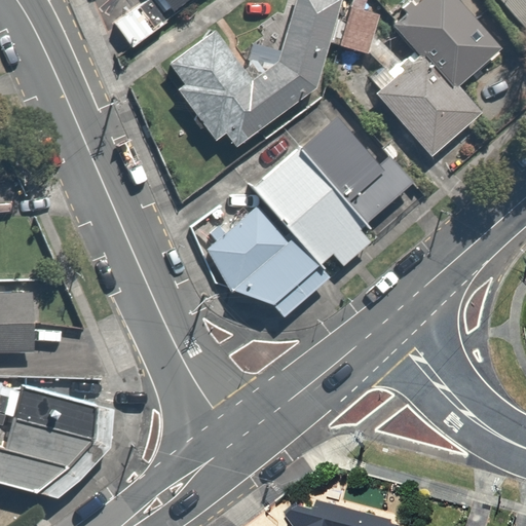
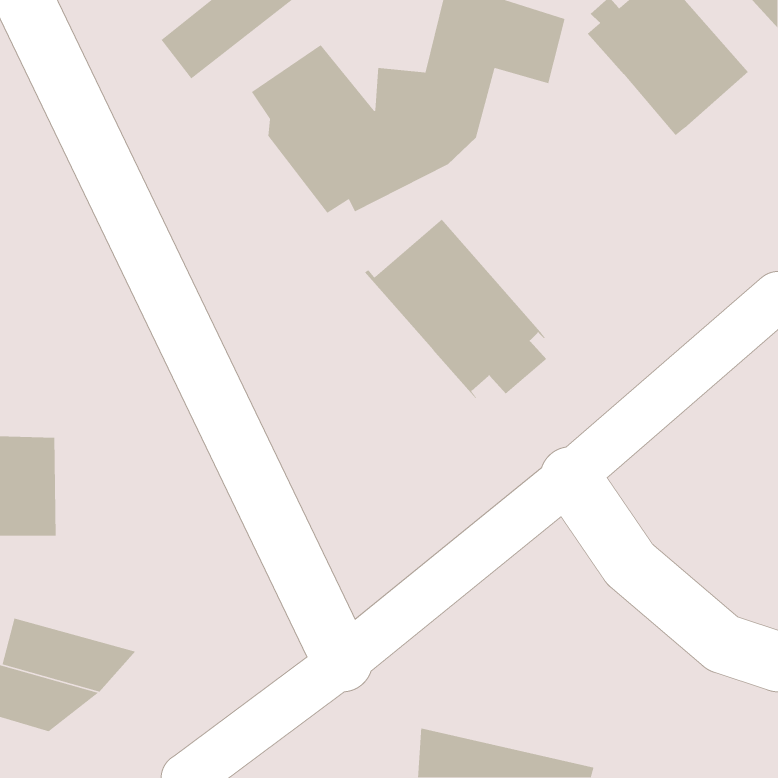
building: [376,50,487,162] -> none
building: [297,115,411,223] -> none
building: [203,204,327,315] -> none
building: [9,383,93,438] -> none

